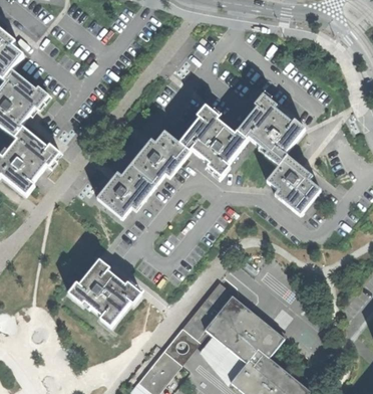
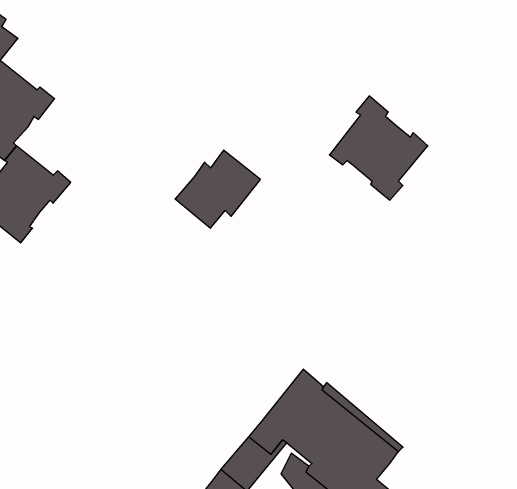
building: [179,104,246,176] -> none
building: [266,154,320,213] -> none
building: [97,163,155,216] -> none
building: [68,258,141,326] -> none

